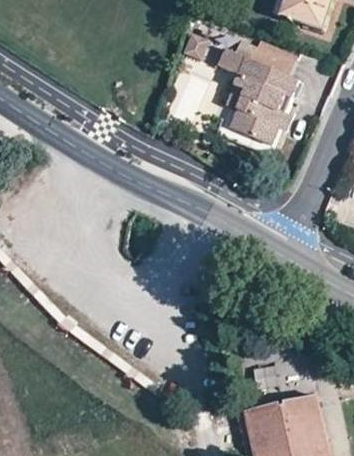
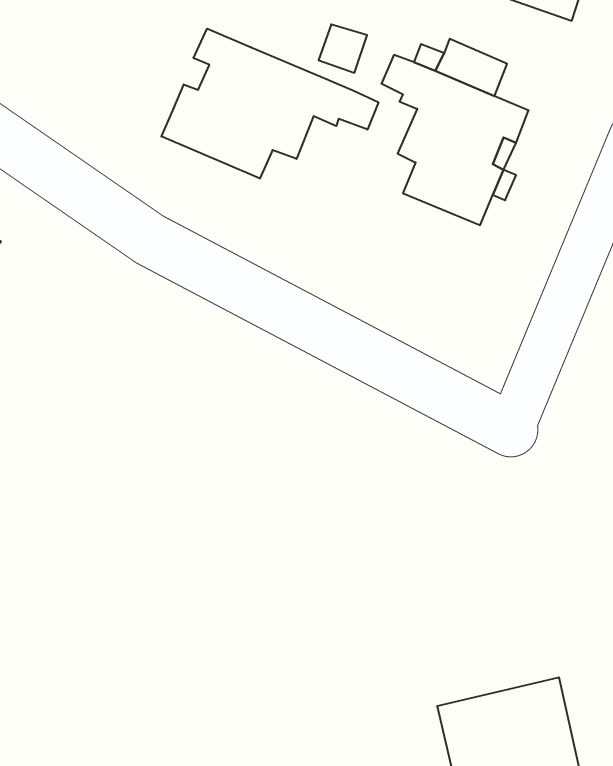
building: none -> [161,29,378,179]

